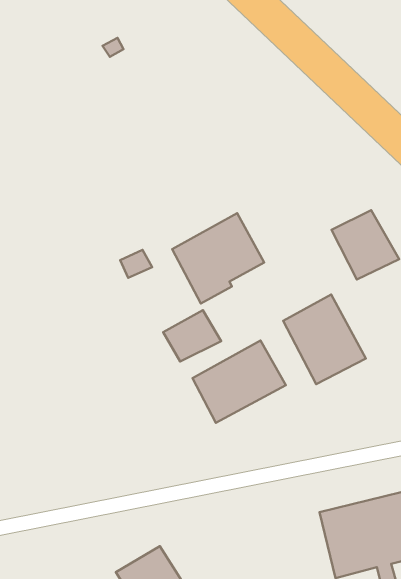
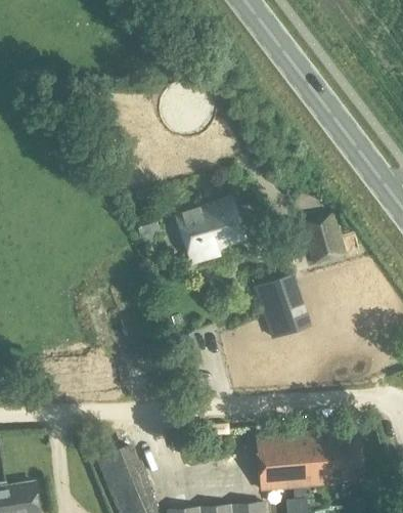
building: [163,310,221,362] -> none
building: [192,341,286,423] -> none

